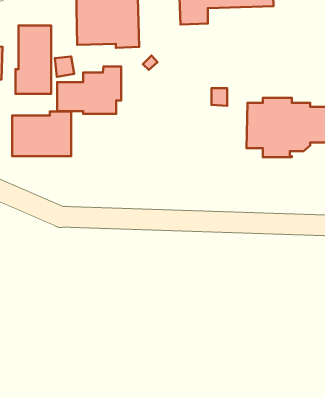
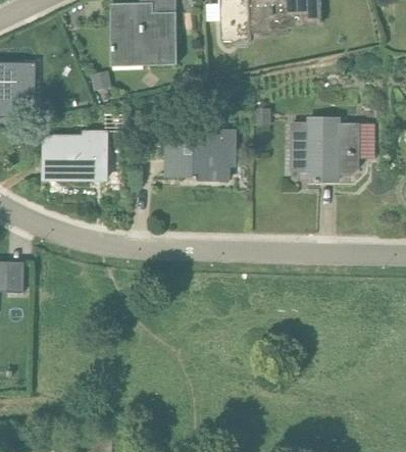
building: [15,25,51,94] -> none
building: [57,67,121,114] -> [166,129,234,179]

